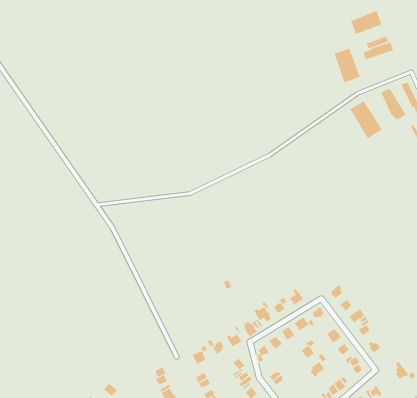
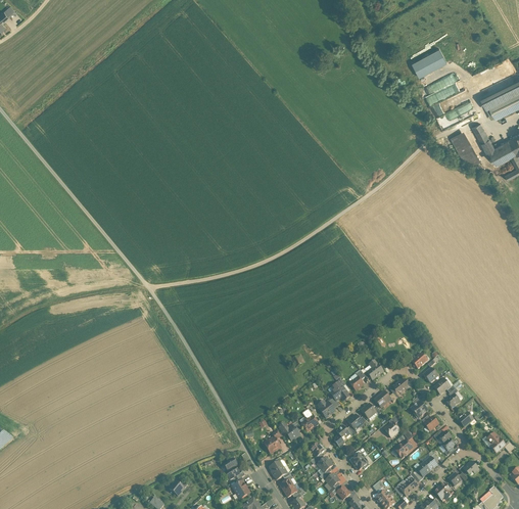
building: [334,48,361,83] -> none
building: [350,100,383,139] -> none

